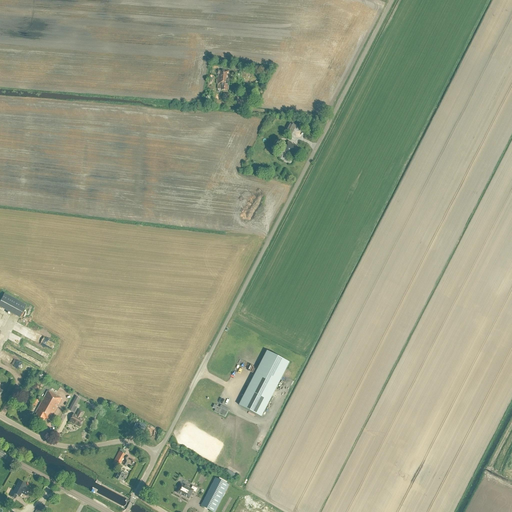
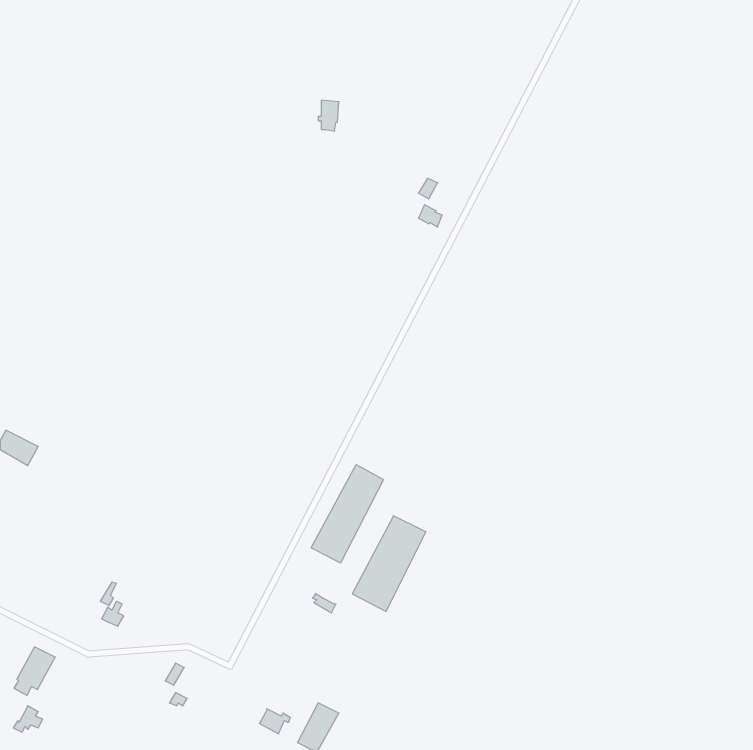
building: none -> [311,465,384,563]
building: [33,390,61,423] -> [14,647,55,695]

